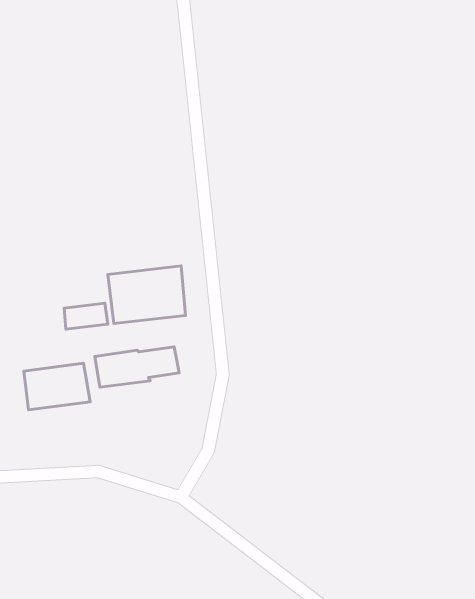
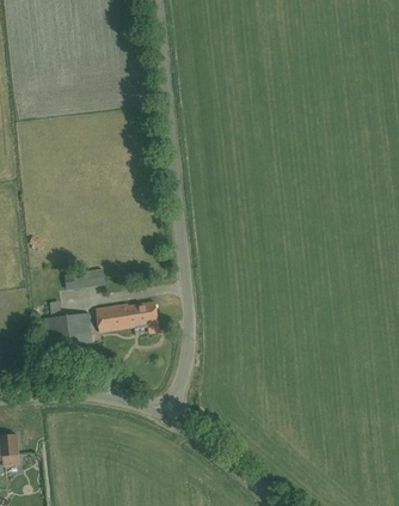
building: [108,266,185,324] -> none

